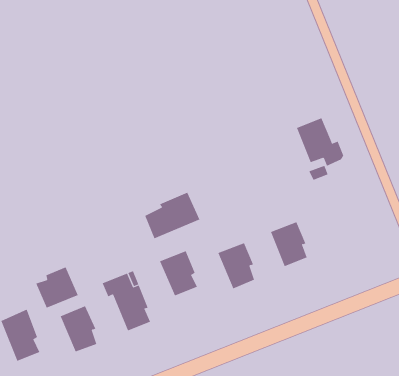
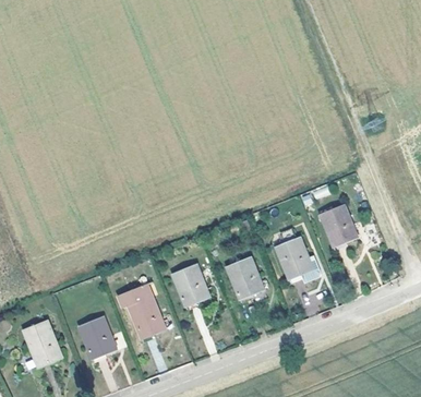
building: [296,117,344,166] -> [320,204,364,250]
building: [144,192,200,239] -> none
building: [36,266,79,308] -> none

